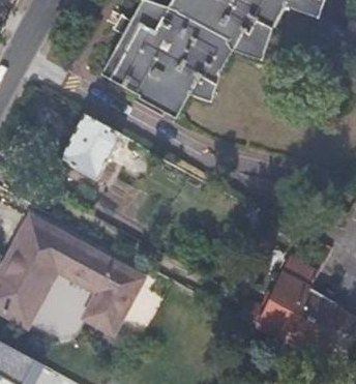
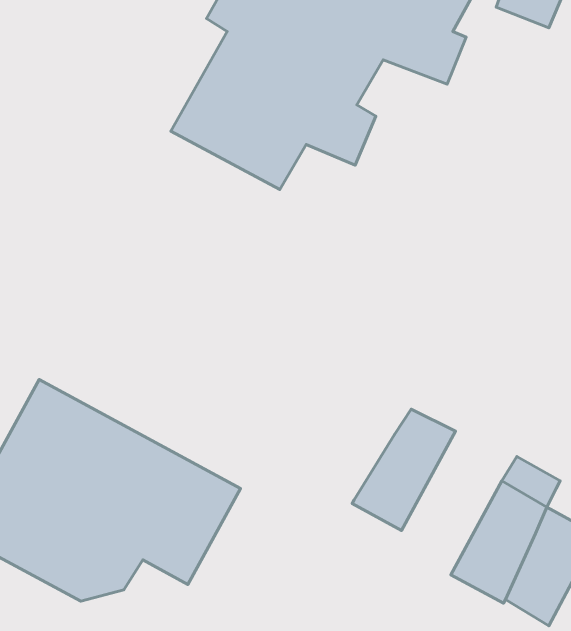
building: [58,114,122,182] -> none
building: none -> [352,409,455,531]

